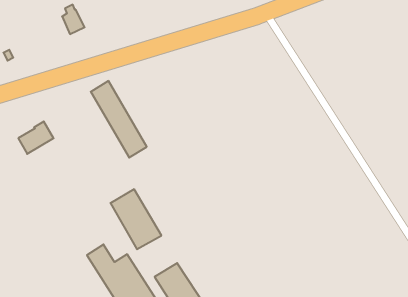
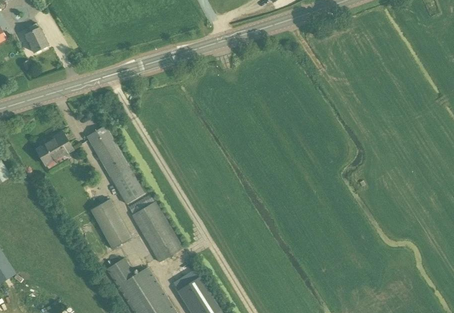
building: [62,5,85,34] -> [25,22,48,52]
building: [91,81,147,158] -> [87,125,144,203]
building: none -> [91,199,131,248]

